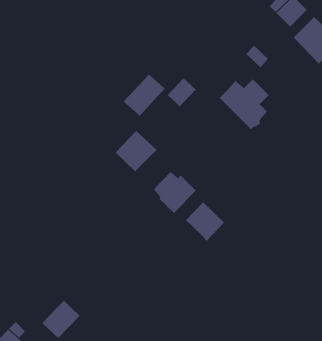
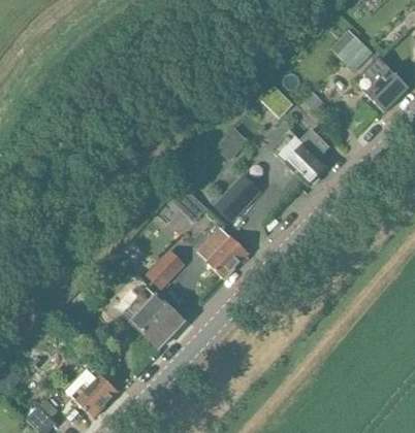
building: [123,74,166,116] -> [213,172,260,220]
building: none -> [146,248,184,288]
building: [185,202,225,242] -> none
building: none -> [129,294,183,346]

